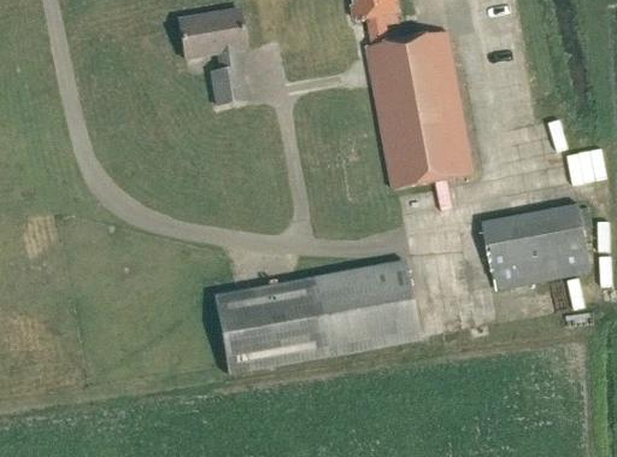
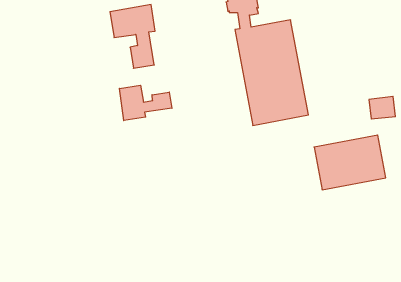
building: none -> [119,85,172,121]
building: [212,260,418,374] -> none

